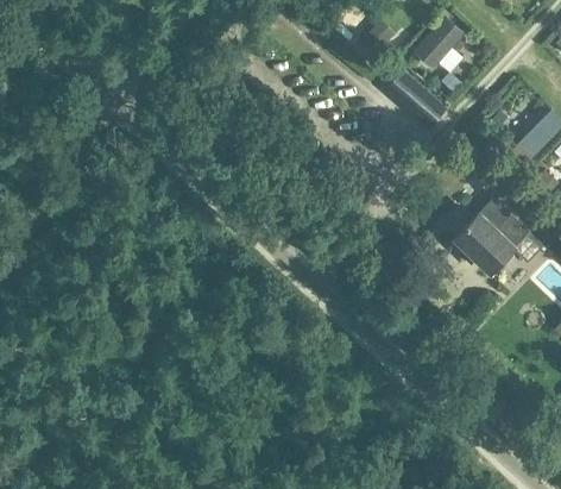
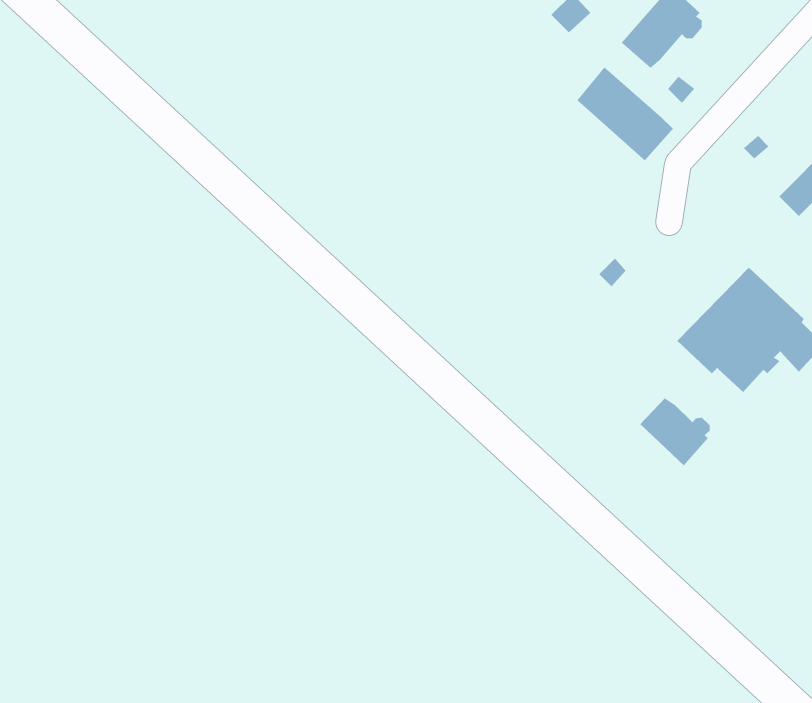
building: none -> [640,398,710,466]

